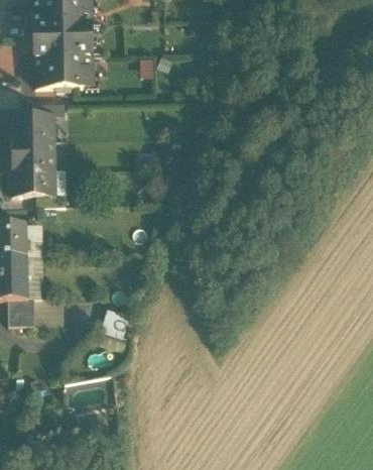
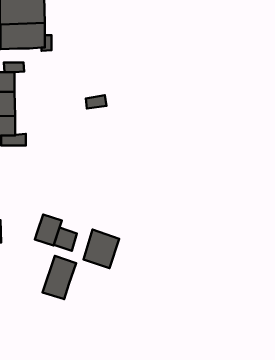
building: none -> [35,214,62,246]
building: none -> [84,230,119,268]
building: none -> [42,256,76,299]

